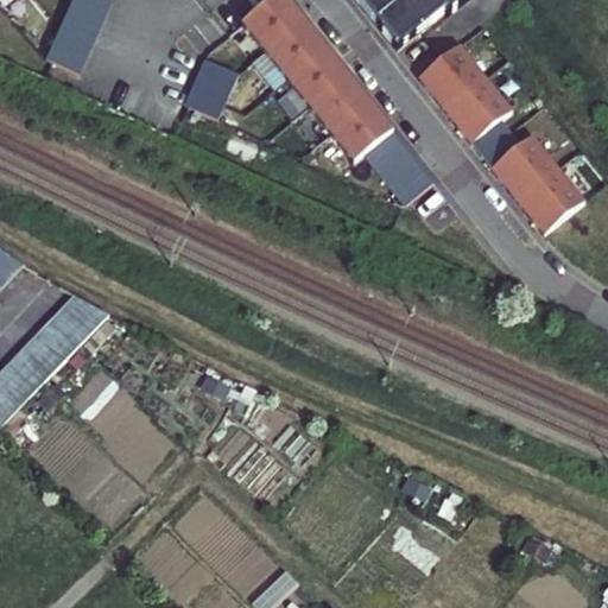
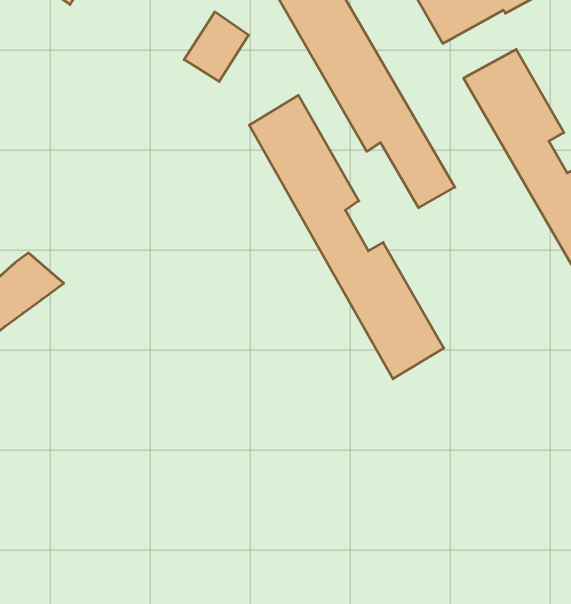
building: none -> [249,95,444,379]

